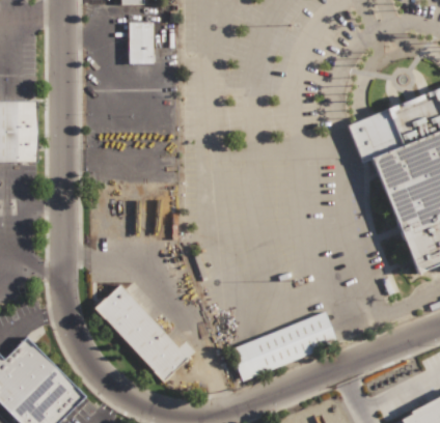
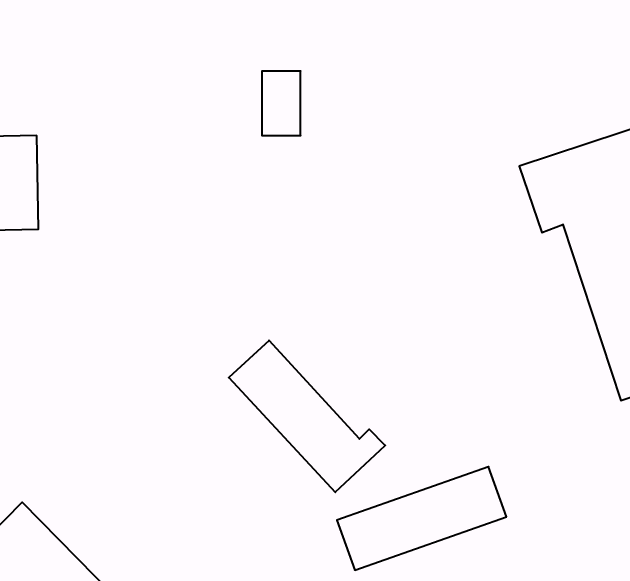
building: [129,22,154,63] -> [262,71,301,136]
building: [94,284,195,382] -> [229,340,385,492]

